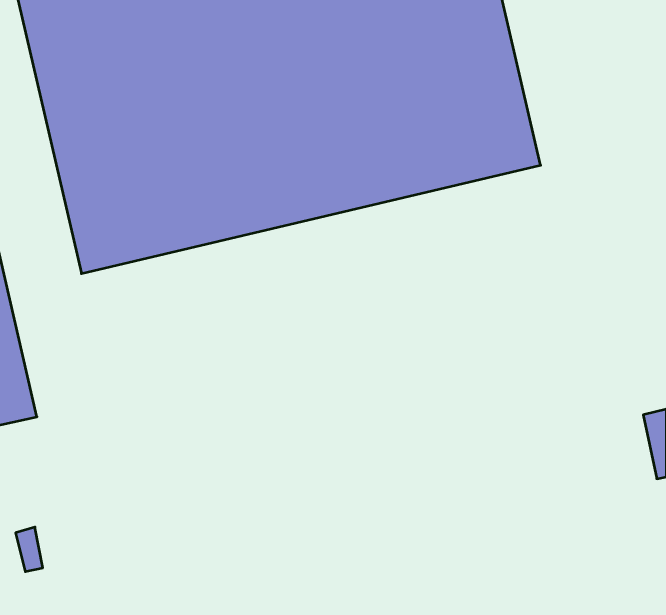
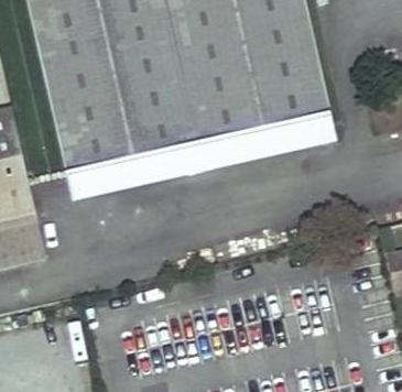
building: none -> [68,112,336,200]

